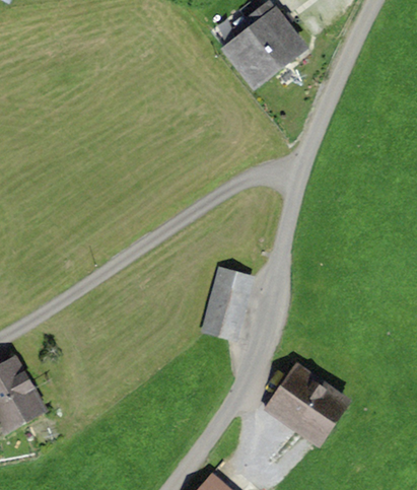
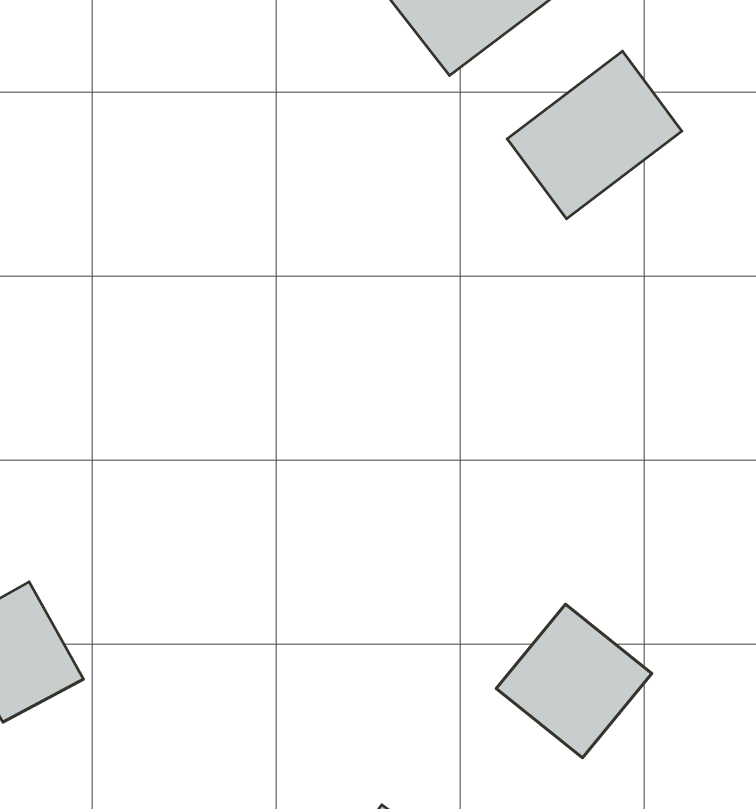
building: none -> [507,51,682,219]
building: [197,268,252,345] -> none

